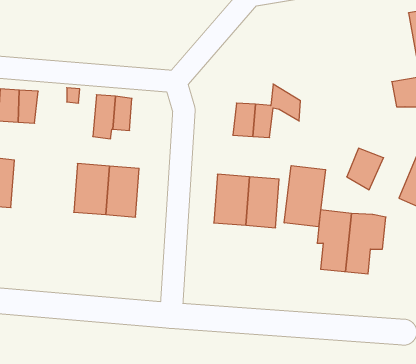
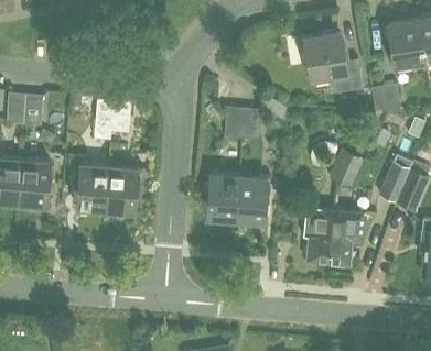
building: none -> [304,31,363,92]
building: none -> [18,160,50,206]
building: [284,166,326,227] -> none

